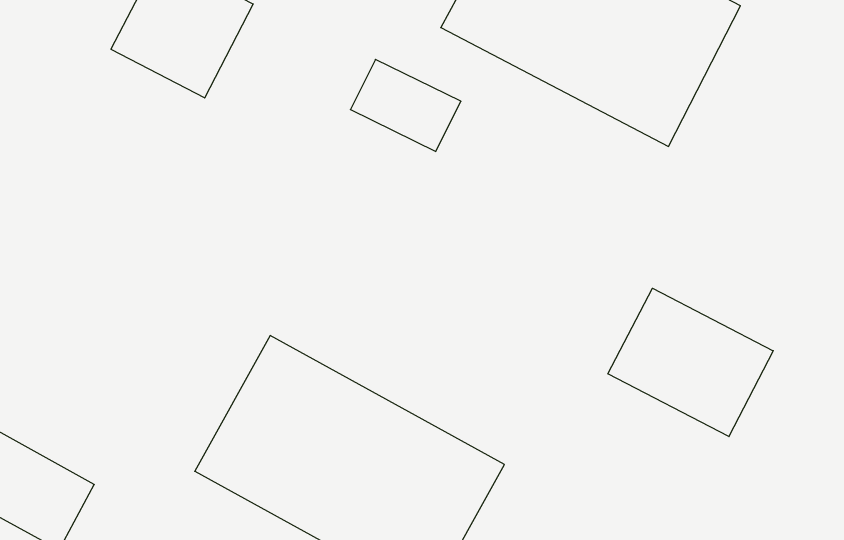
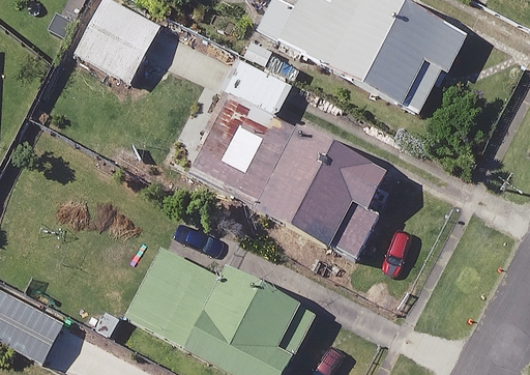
building: none -> [209,116,386,259]
building: [608,288,773,437] -> none

